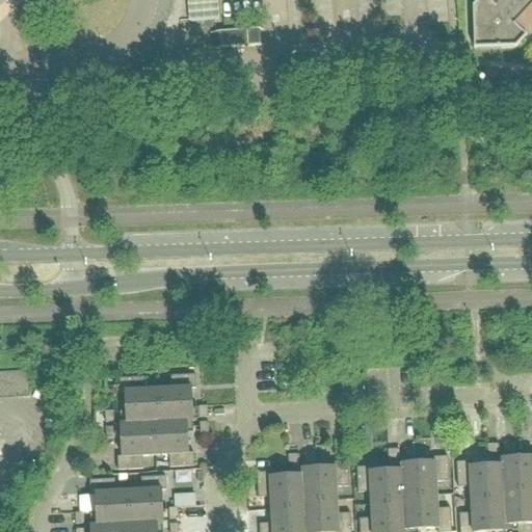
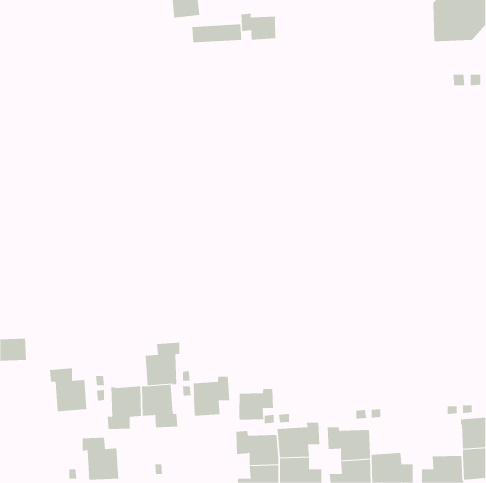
building: none -> [241,13,276,41]
building: [118,375,160,423] -> [49,368,87,412]
building: none -> [193,376,230,417]
building: none -> [239,388,273,421]
building: [401,455,450,496] -> none
building: [456,460,504,498] -> none
building: [128,474,166,523] -> none

